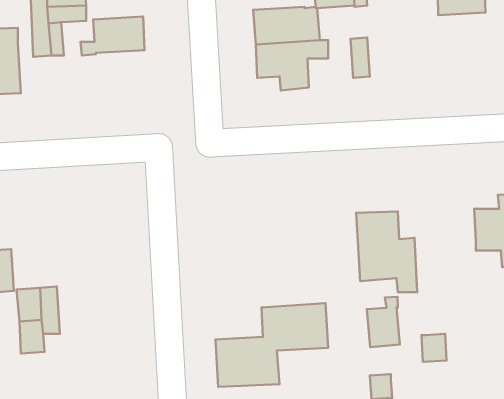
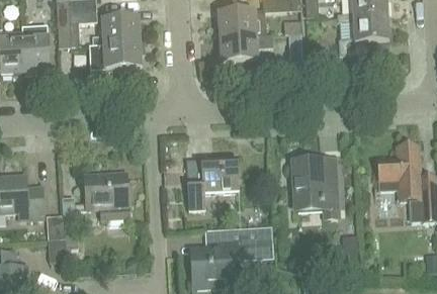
building: none -> [336,9,388,53]
building: none -> [89,39,141,77]
building: none -> [185,154,238,207]
building: none -> [86,170,129,217]
building: [367,297,400,347] -> none

